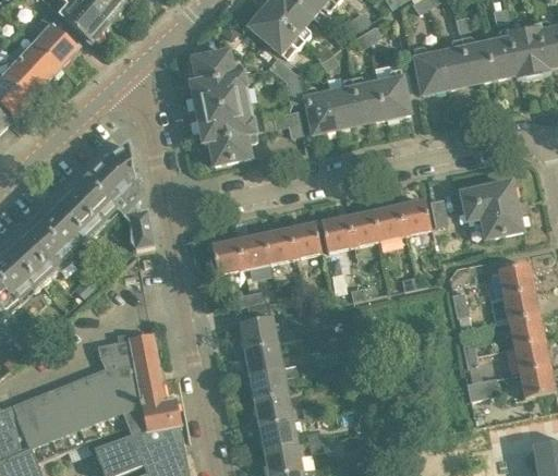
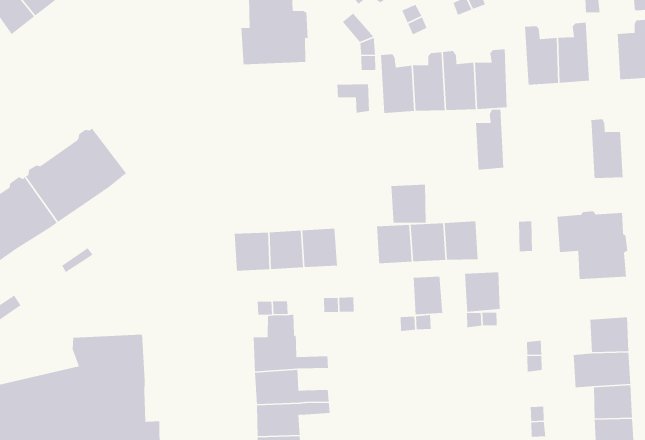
building: [460,35,493,83] -> [591,119,623,179]
building: [197,102,256,164] -> none
building: none -> [475,109,504,170]
building: [87,145,154,249] -> none
building: [398,199,430,235] -> [464,272,500,313]
building: [289,222,322,257] -> [390,184,427,224]
building: none -> [413,276,443,315]

